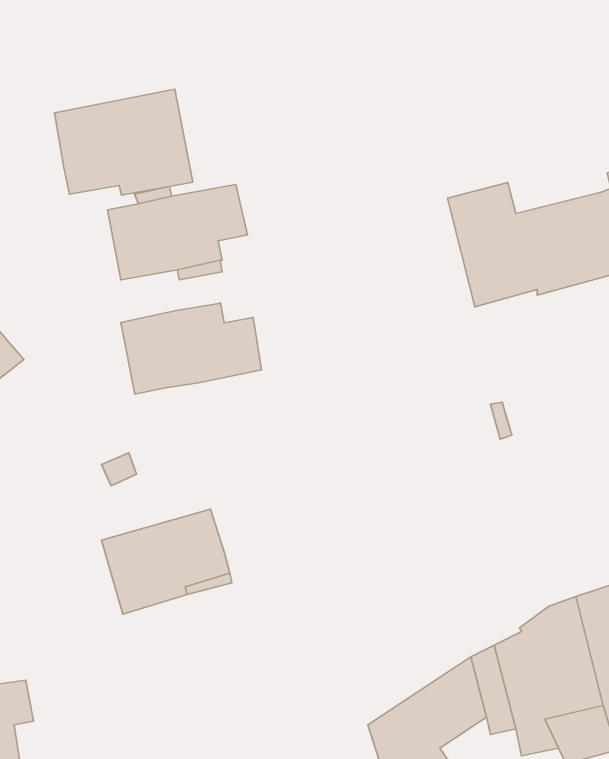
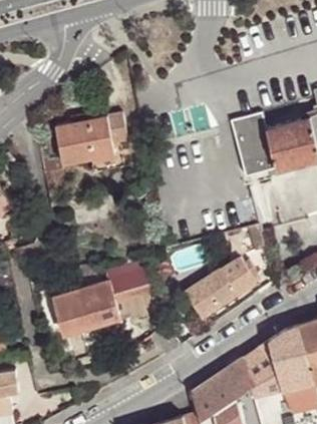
building: [55,89,193,195] -> none
building: [121,303,262,394] -> none
building: none -> [186,247,272,317]
building: none -> [109,270,153,303]

